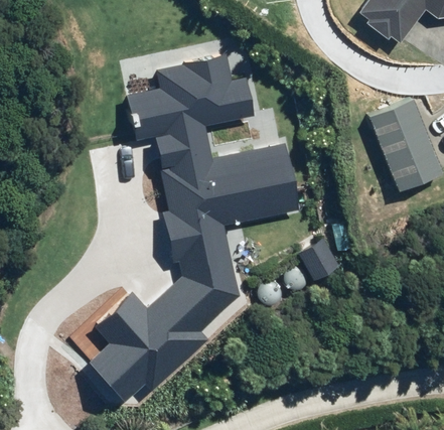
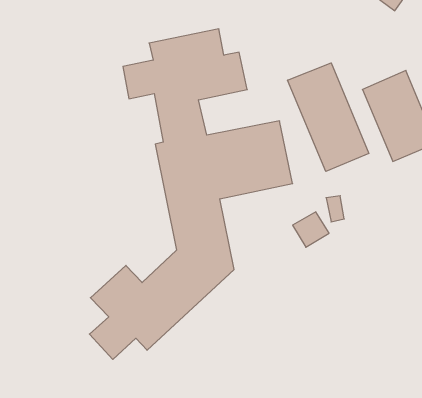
building: none -> [288,63,369,171]

